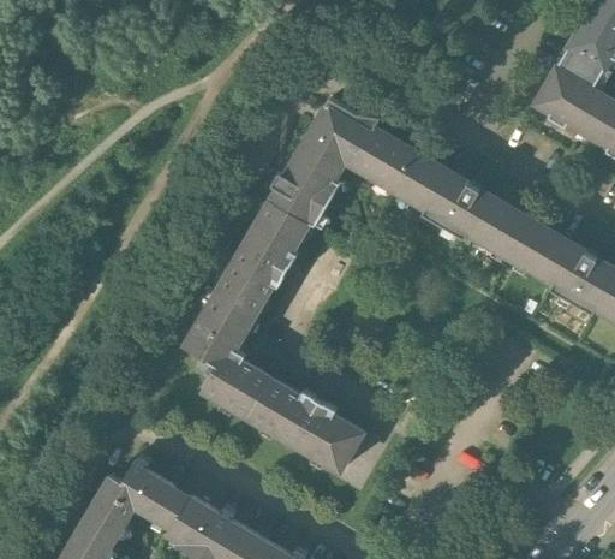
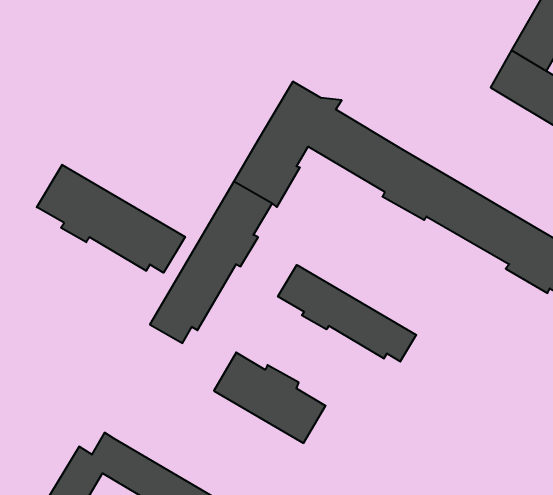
building: none -> [37,165,185,273]
building: none -> [278,265,416,362]
building: [203,351,271,417] -> none

